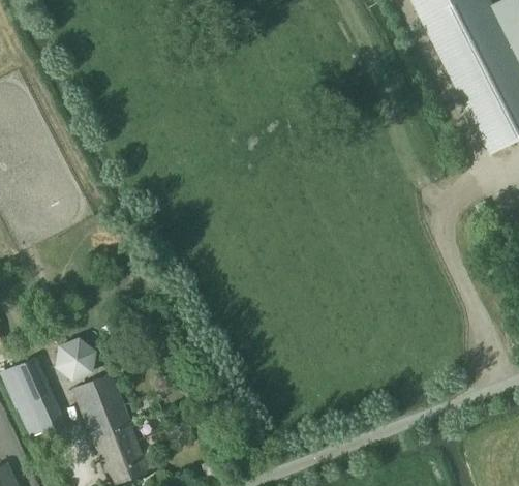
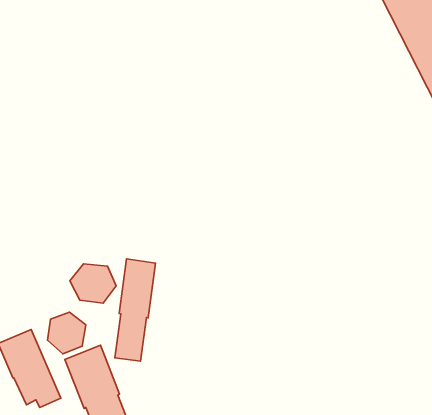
building: none -> [115,259,155,361]
building: none -> [70,264,116,303]

